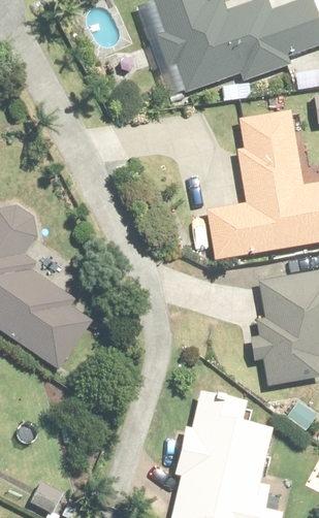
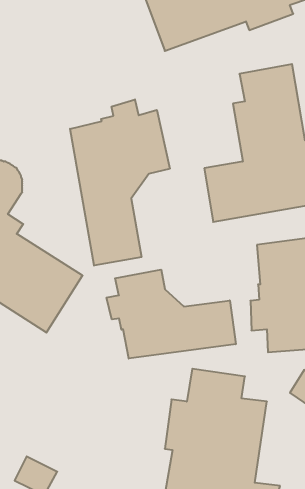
building: none -> [70,99,170,266]
building: none -> [107,270,236,359]

